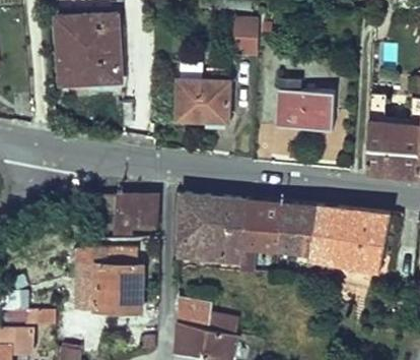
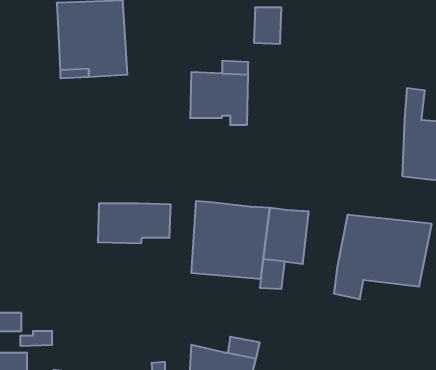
building: [277,91,334,131] -> none
building: [277,204,317,254] -> none
building: [76,246,142,312] -> none
building: [178,298,211,331] -> none

